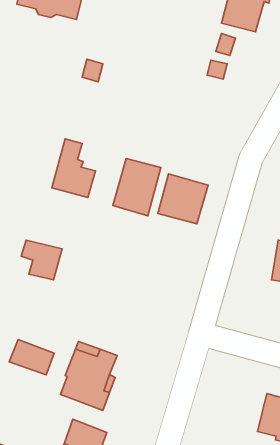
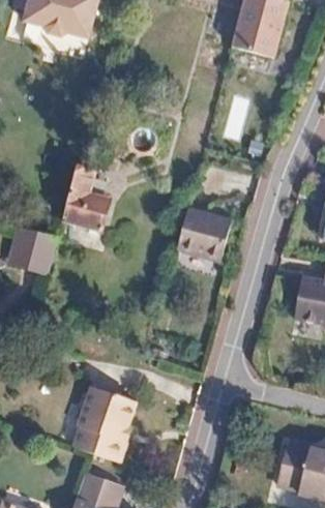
building: [113,159,161,216] -> none
building: [21,240,62,280] -> [11,226,56,269]
building: [9,340,54,375] -> none

